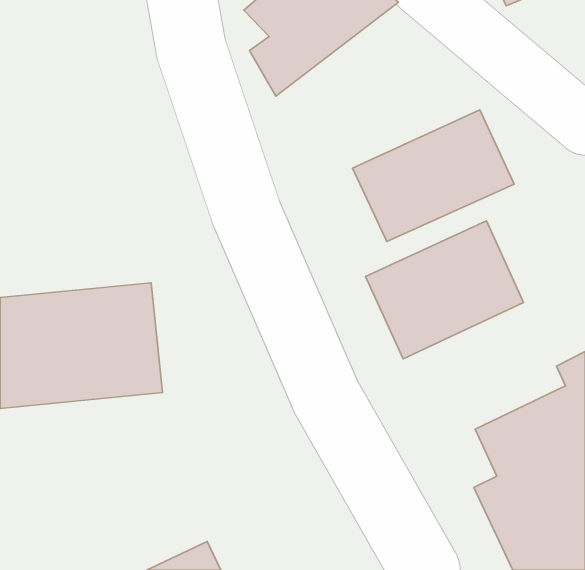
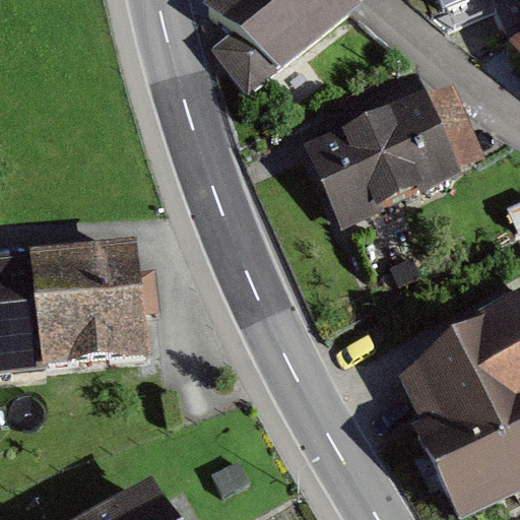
building: [365,221,523,359] -> none

